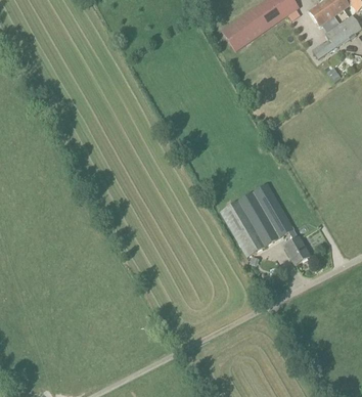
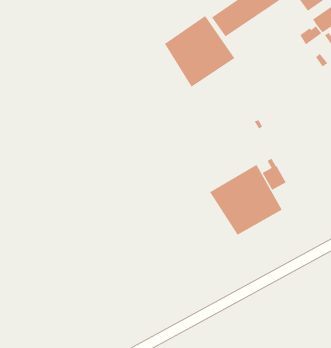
building: none -> [164,15,235,88]
building: [284,230,310,264] -> [262,158,287,191]

